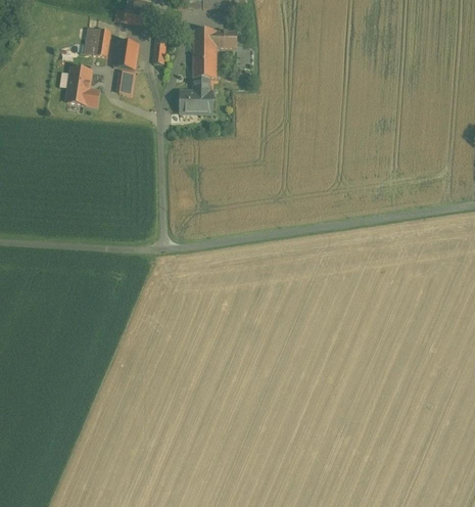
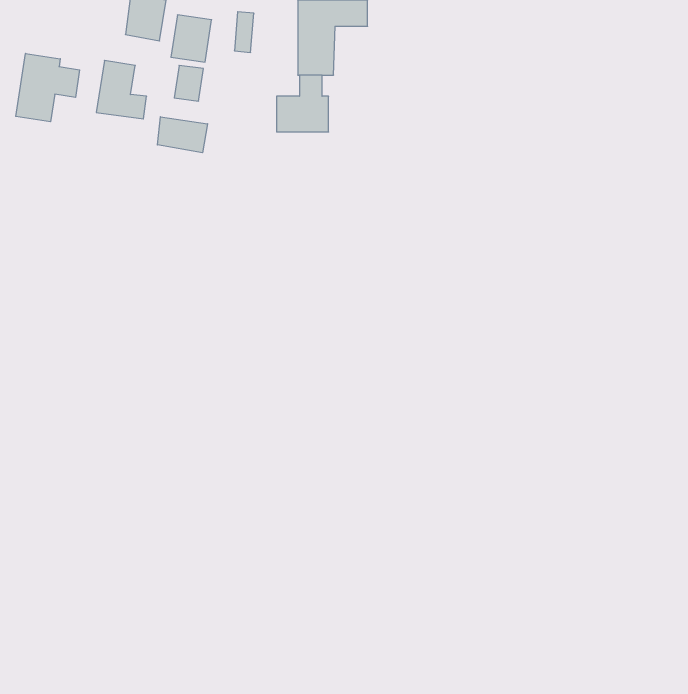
building: none -> [16,53,80,122]
building: none -> [157,117,208,153]

